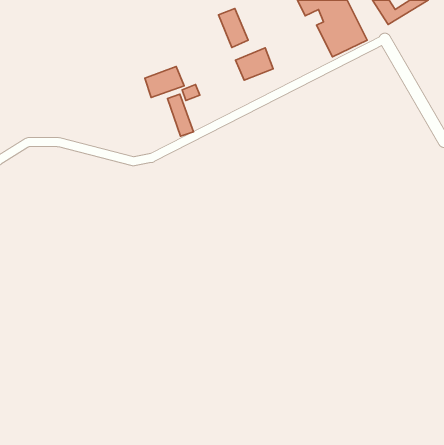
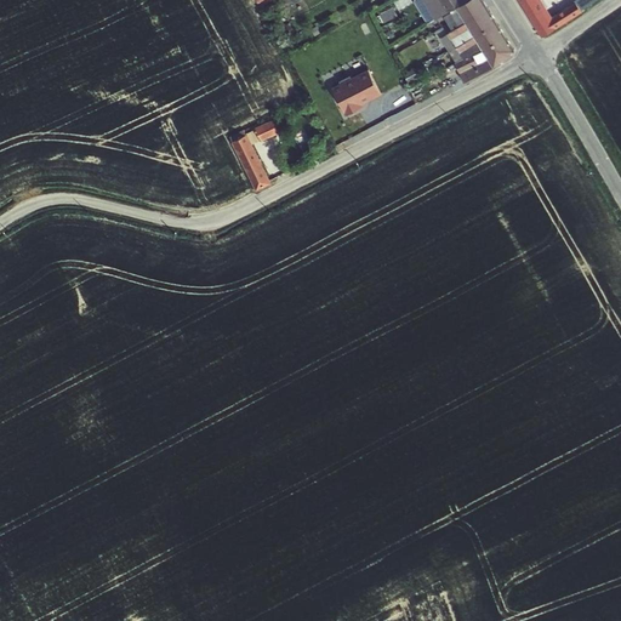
building: [218,9,248,48] -> none
building: [145,66,184,98] -> none

